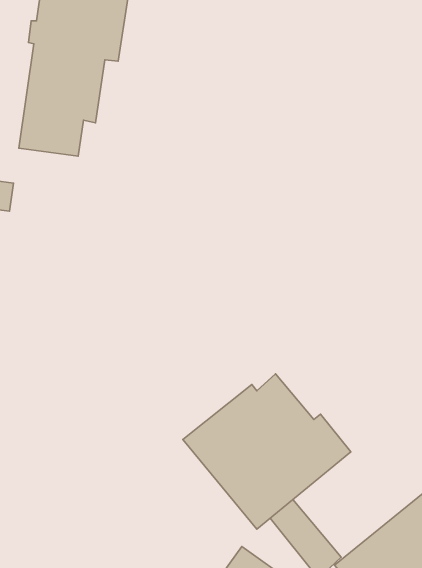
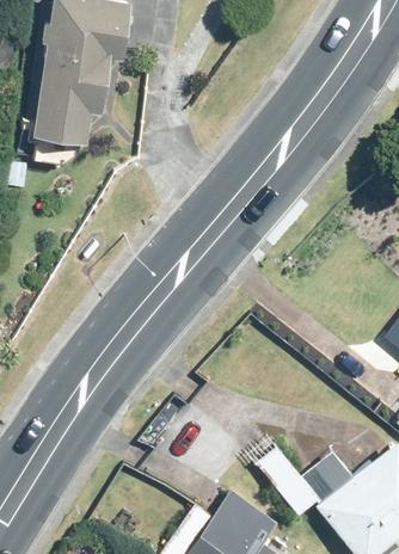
building: [183,374,351,529] -> none

